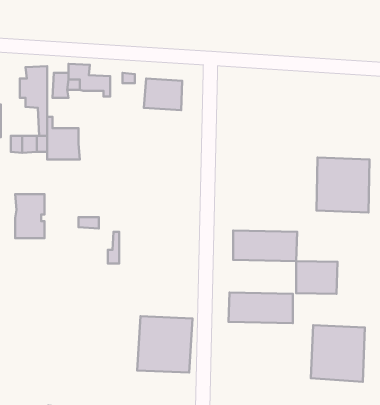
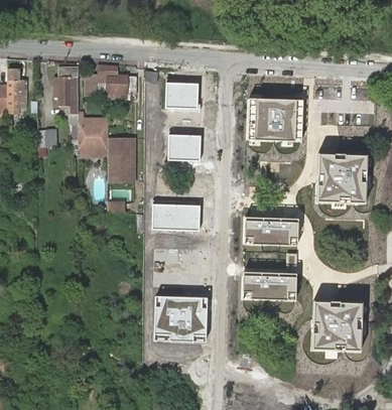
building: none -> [247,99,304,141]
building: none -> [167,130,202,158]
building: [15,194,45,238] -> [106,139,132,178]
building: none -> [153,202,200,229]
building: [296,261,338,294] -> none

